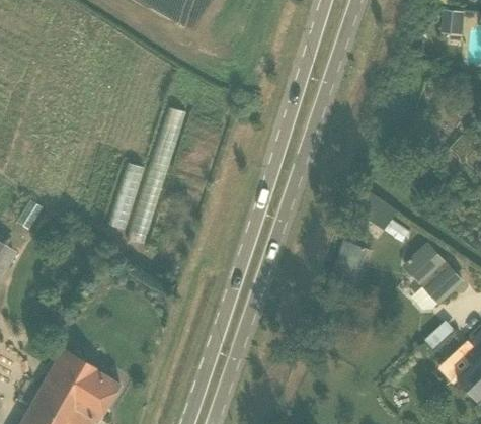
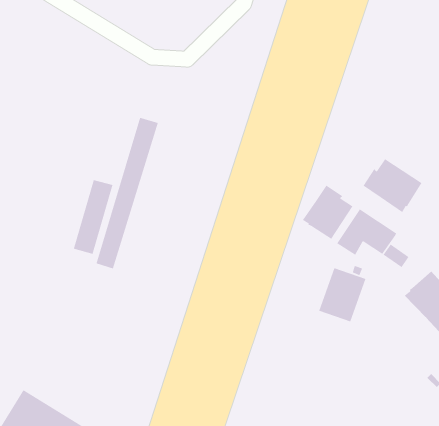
building: none -> [362,158,423,213]
building: none -> [302,184,354,240]

